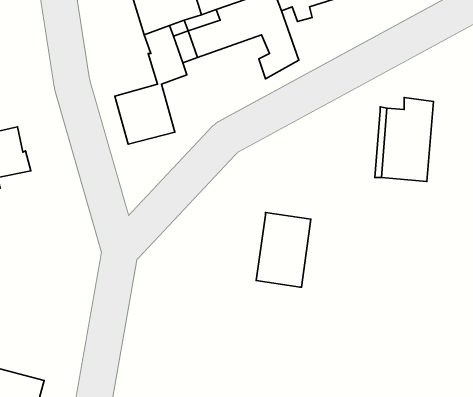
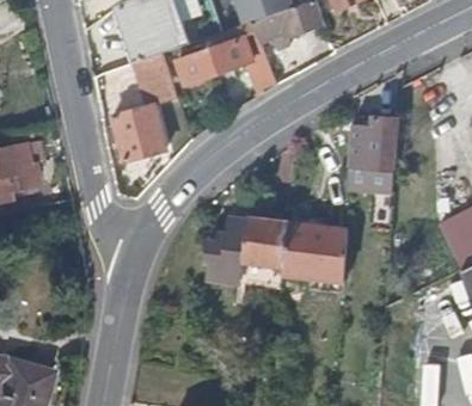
building: none -> [206,220,249,281]
building: none -> [281,226,348,295]

